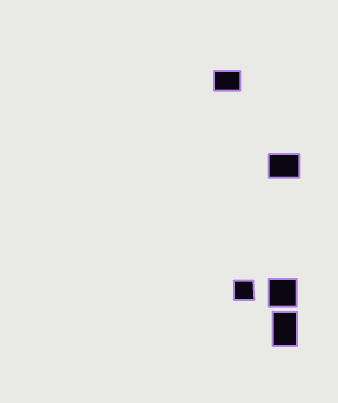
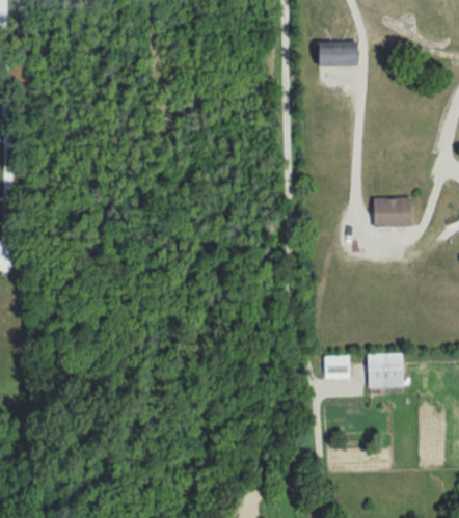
building: [214,71,241,90] -> [320,42,353,65]
building: [273,312,297,346] -> none

